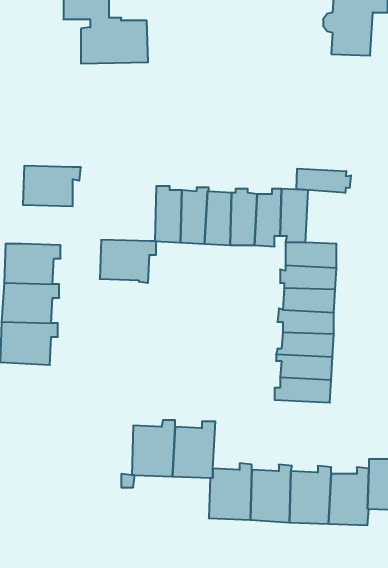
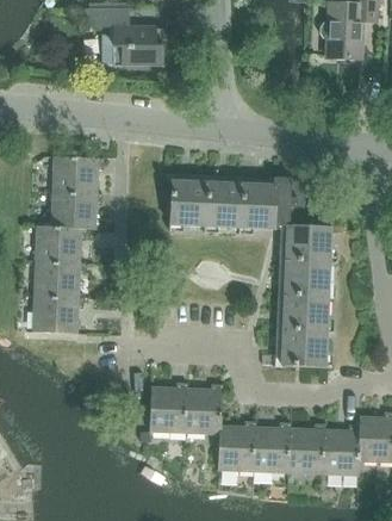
building: [296,169,351,193] -> none
building: [100,240,156,283] -> [51,192,101,230]

